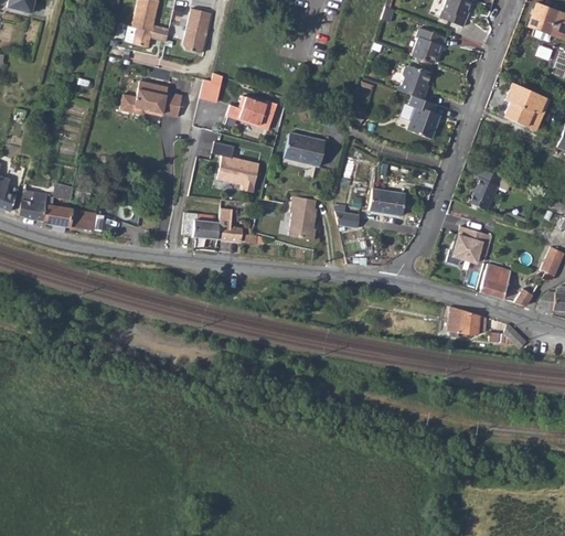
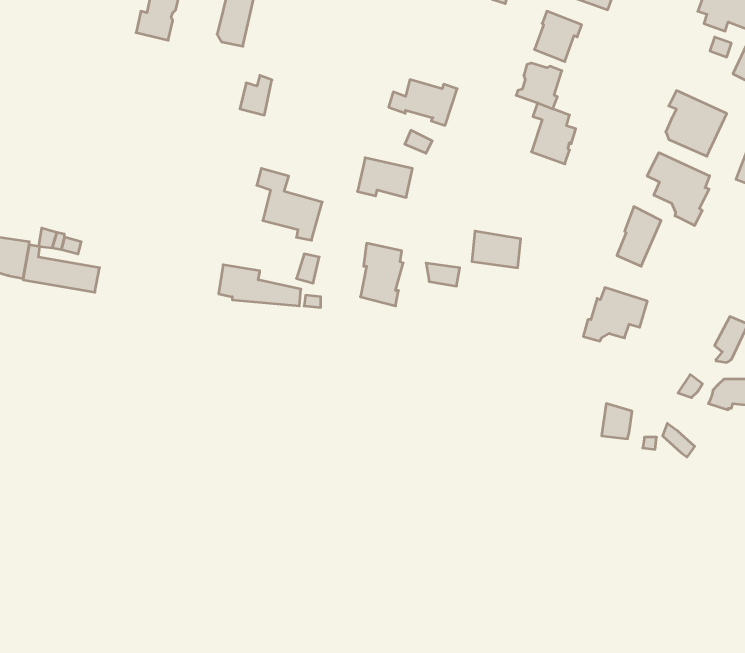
building: [120,81,183,117] -> none
building: [225,96,275,129] -> [389,80,457,125]
building: none -> [647,153,710,226]
building: [481,264,512,299] -> none

